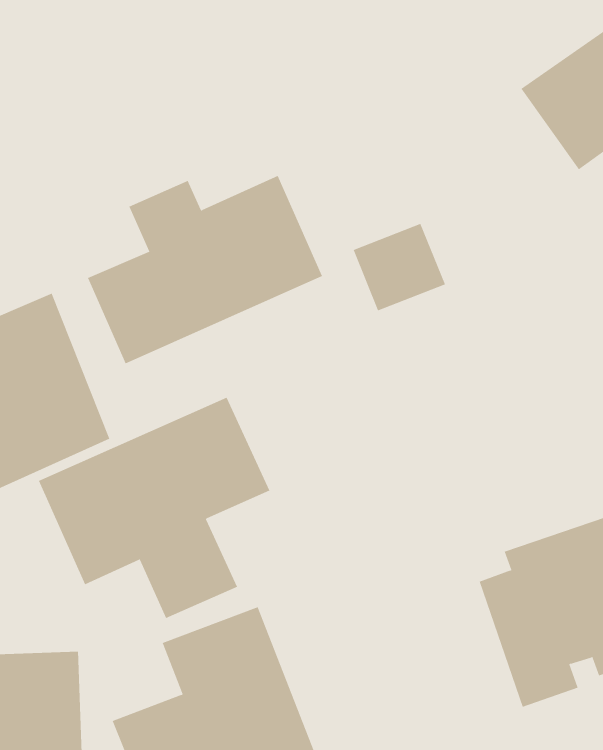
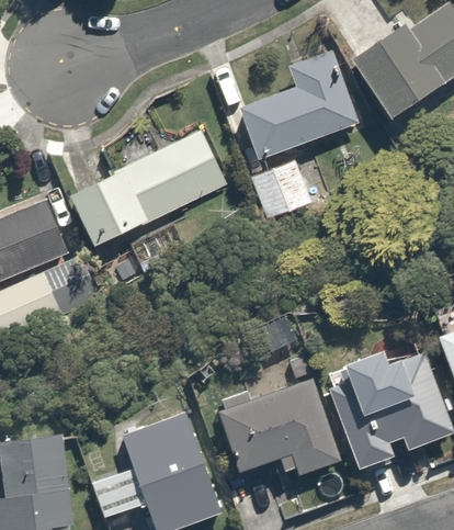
building: none -> [238,45,360,159]
building: [38,397,270,619] -> none
building: none -> [217,377,341,477]

